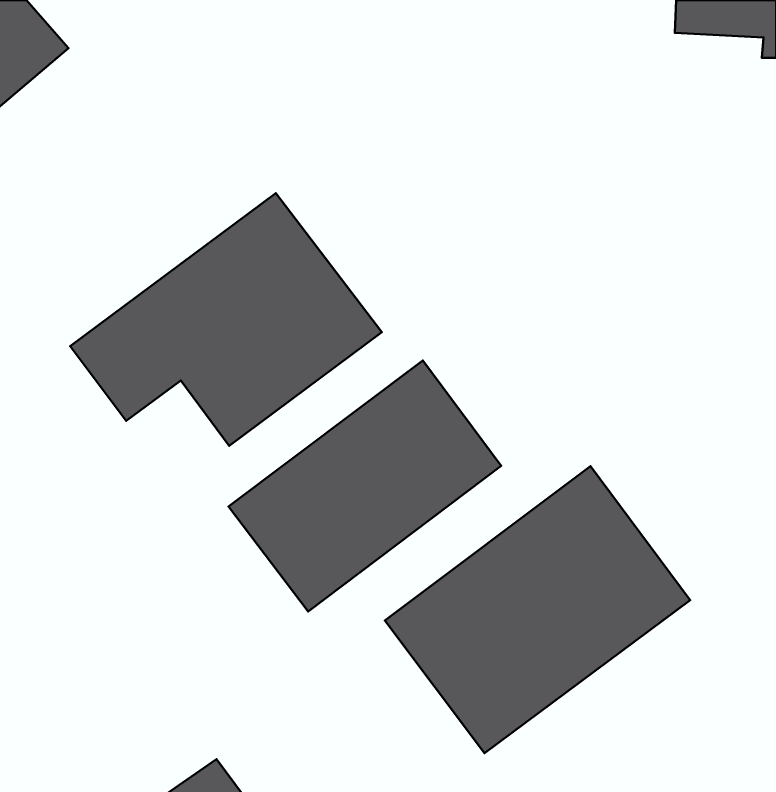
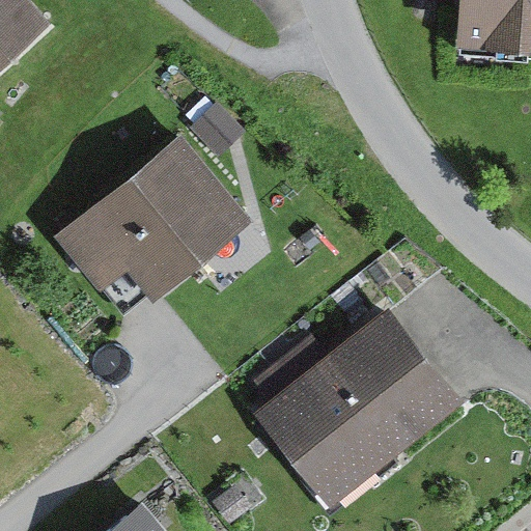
building: [229,361,501,612] -> none

